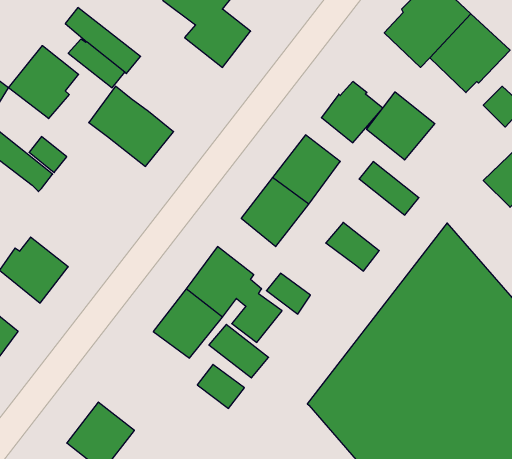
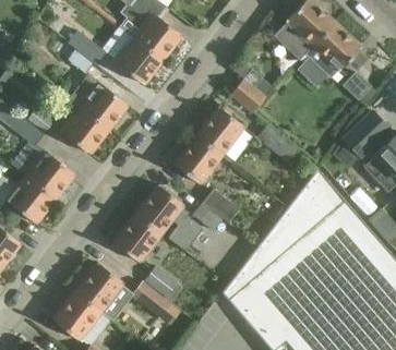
building: none -> [113,39,161,84]
building: [9,46,79,119] -> none
building: [367,92,435,160] -> none
building: none -> [60,108,108,154]
building: none -> [28,150,74,198]
building: [326,222,379,271] -> [202,189,239,222]
building: [209,324,269,378] -> [131,281,172,318]
building: none -> [75,263,123,312]

